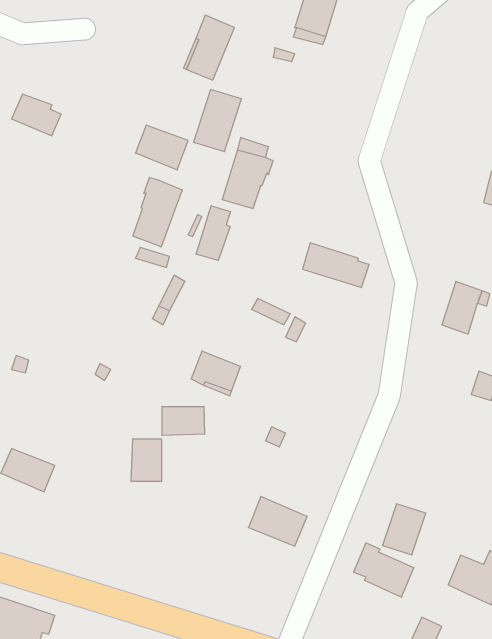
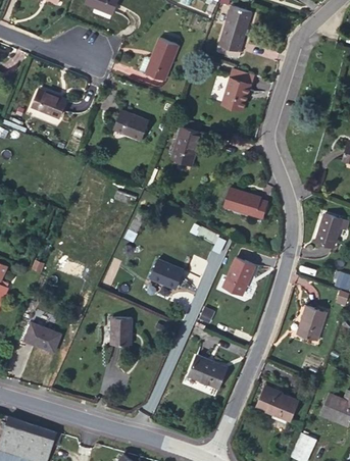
building: [194,90,242,152] -> [221,69,253,110]
building: [133,177,182,247] -> none
building: [196,206,230,261] -> none
building: none -> [222,258,254,295]
building: [162,406,204,436] -> none
building: [382,504,426,555] -> [297,306,326,340]

